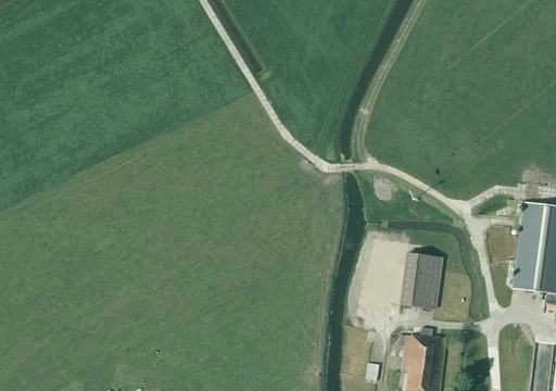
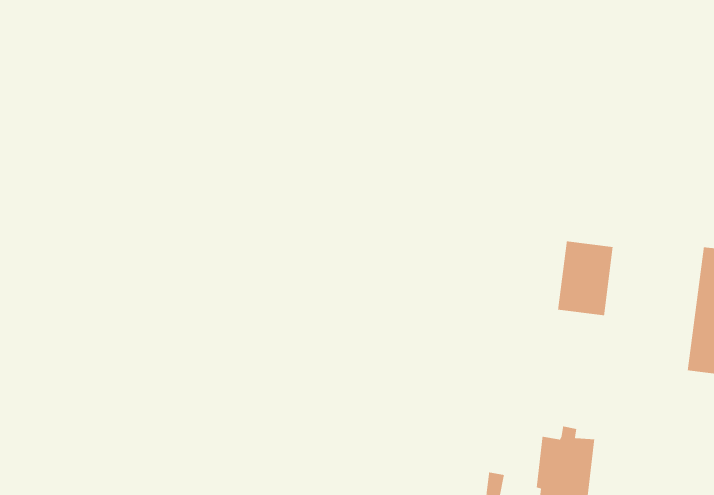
building: [401,253,442,308] -> [557,241,614,316]

